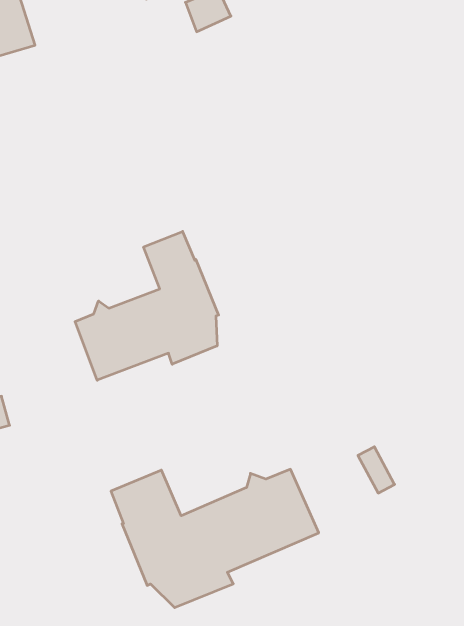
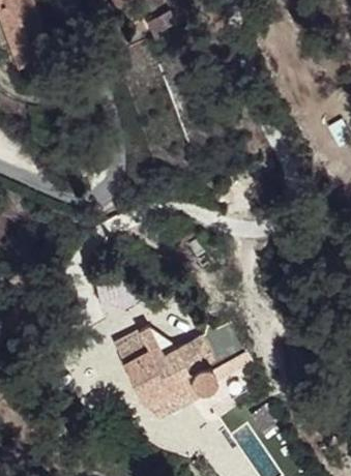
building: [75,231,219,380] -> none

